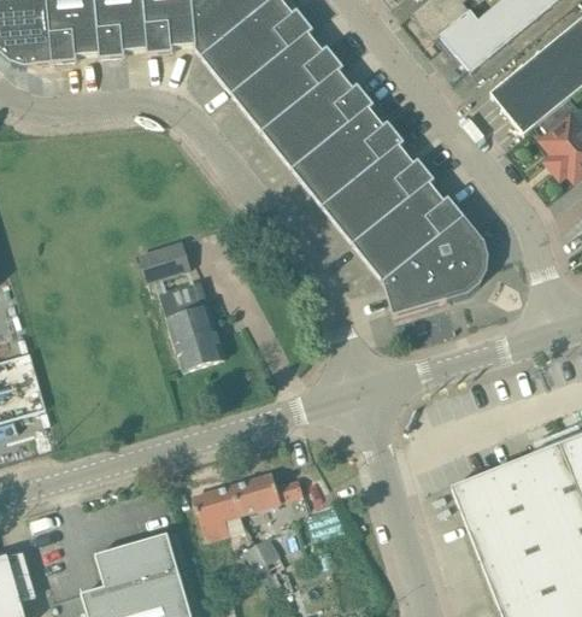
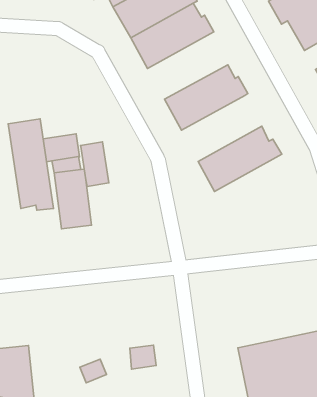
building: [264,71,375,170] -> none
building: [324,146,435,246] -> none
building: [383,216,489,316] -> none
building: none -> [8,119,53,210]
building: none -> [81,142,109,187]
building: [194,474,305,540] -> none

